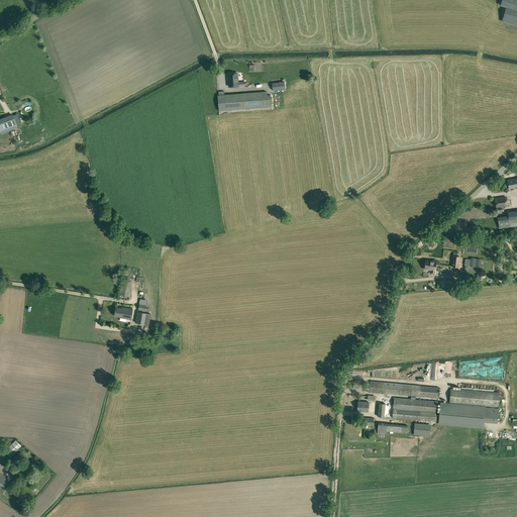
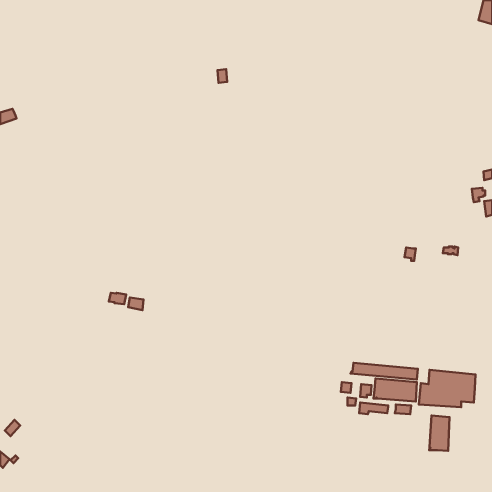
building: [218,92,272,110] -> none
building: none -> [429,416,450,451]

